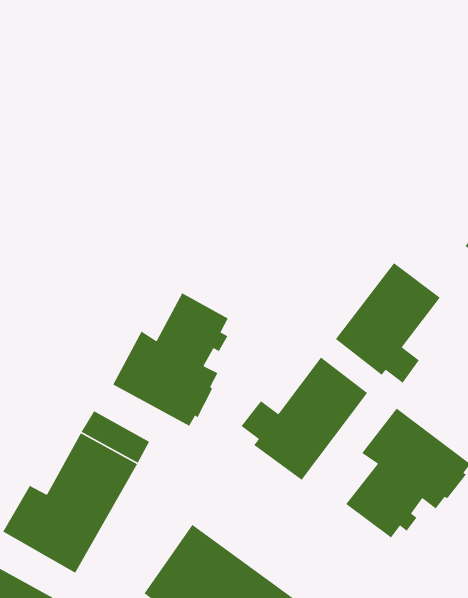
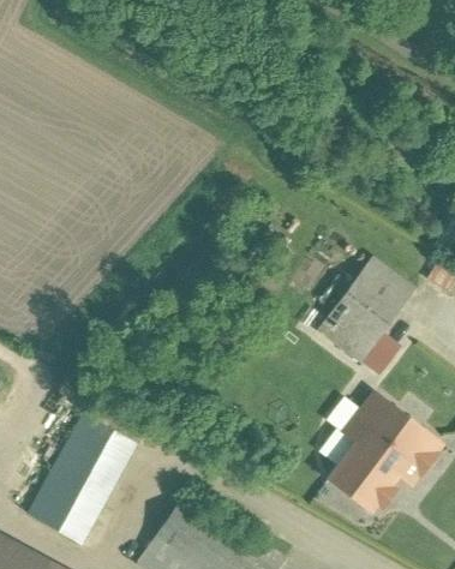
building: [112,292,229,427] -> none
building: [240,357,368,481] -> none

